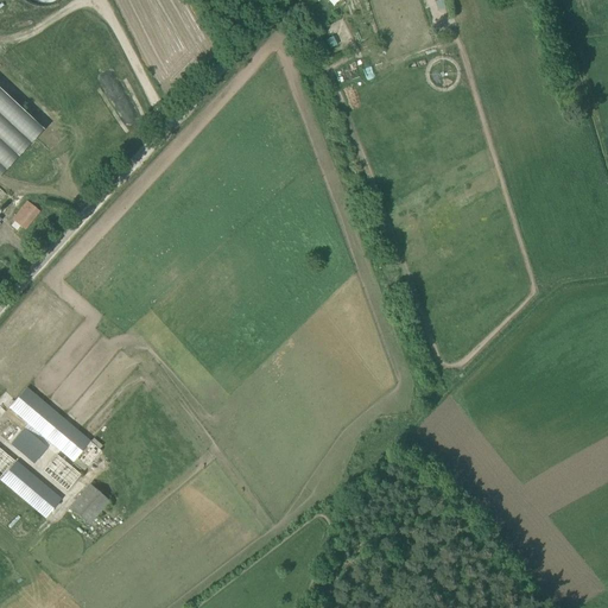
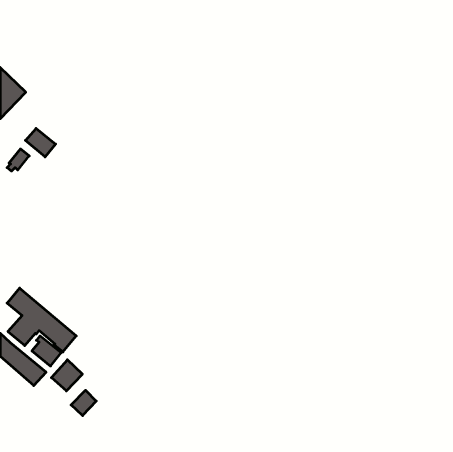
building: none -> [25,128,56,157]
building: none -> [71,390,96,416]

